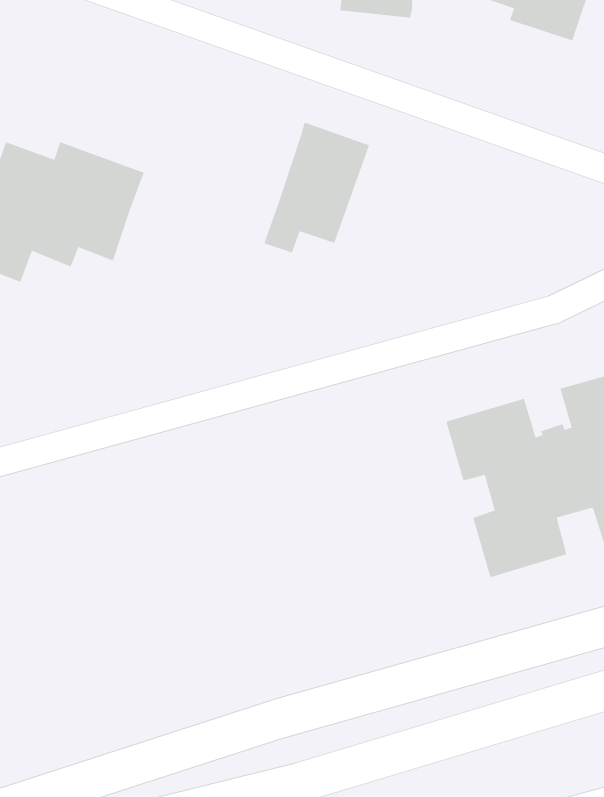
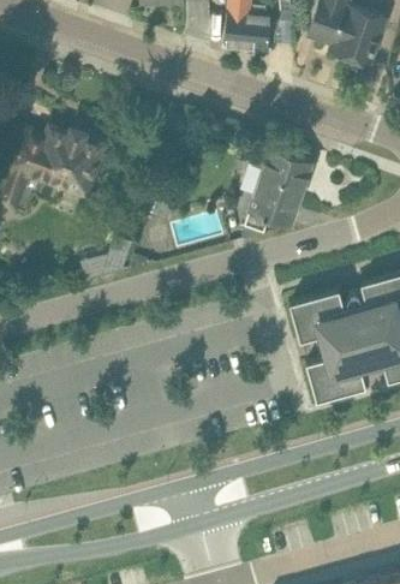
building: [264,122,370,253] -> [245,148,311,230]

